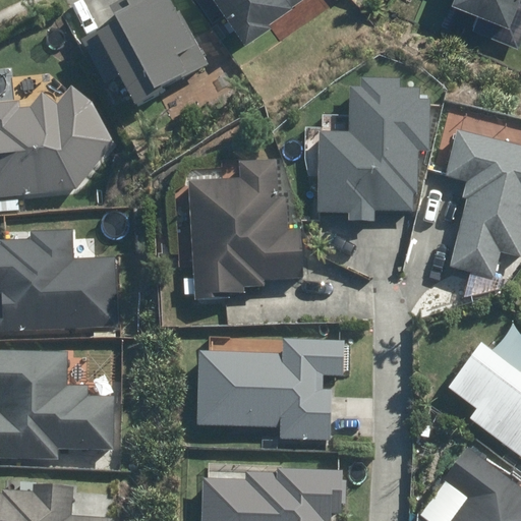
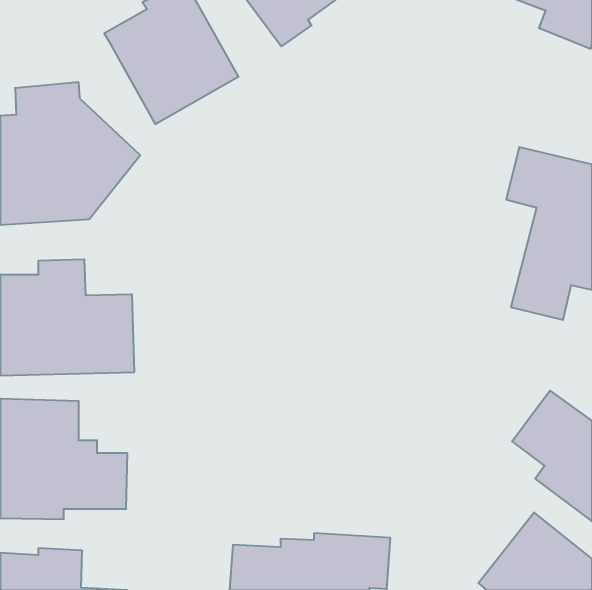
building: [315,79,432,222] -> none
building: [188,159,302,297] -> none
building: [196,339,344,440] -> none

